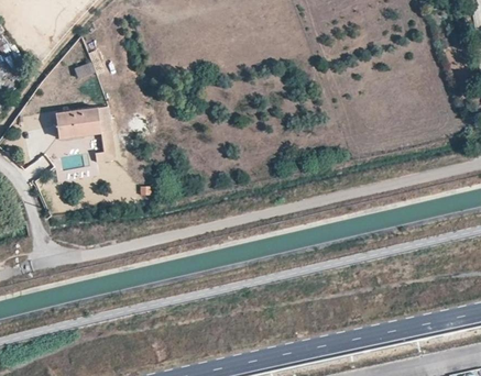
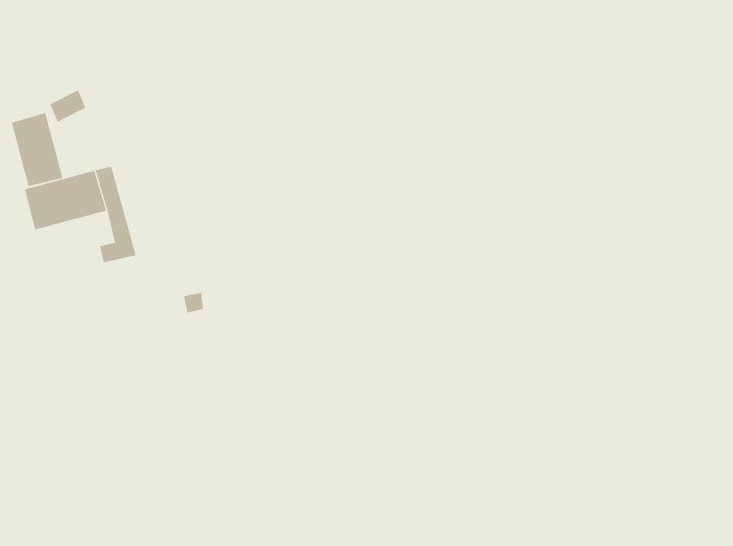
building: none -> [11,112,63,187]

